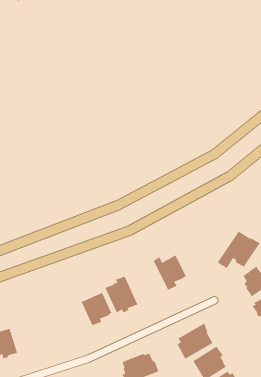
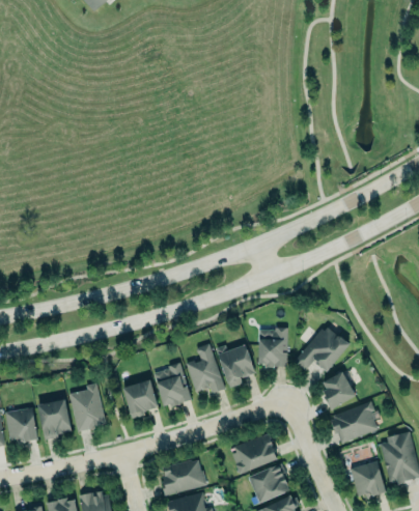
building: none -> [258,327,289,368]
building: none -> [186,344,225,394]
building: none -> [68,382,106,432]
building: none -> [37,398,72,439]

